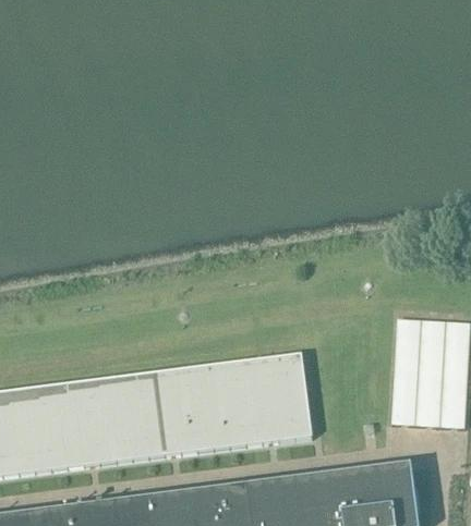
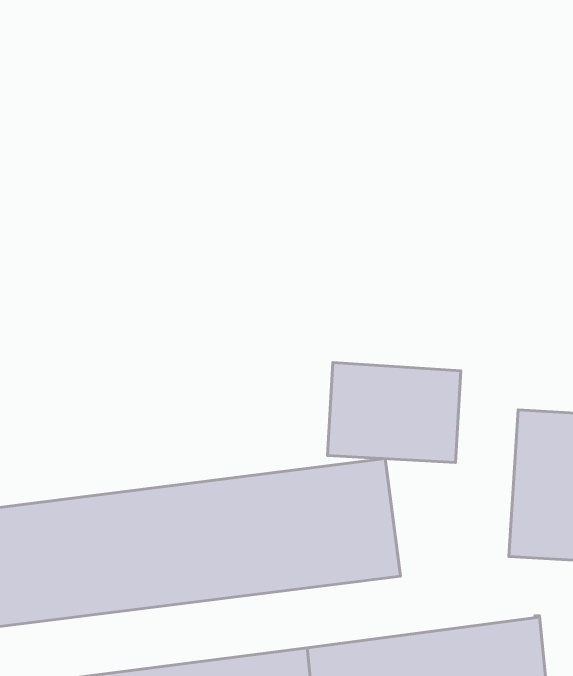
building: none -> [328,363,461,462]

